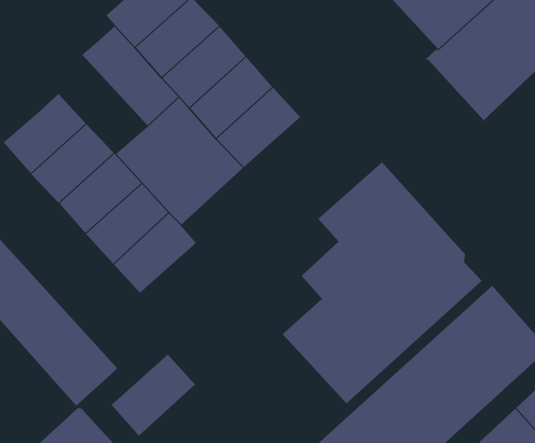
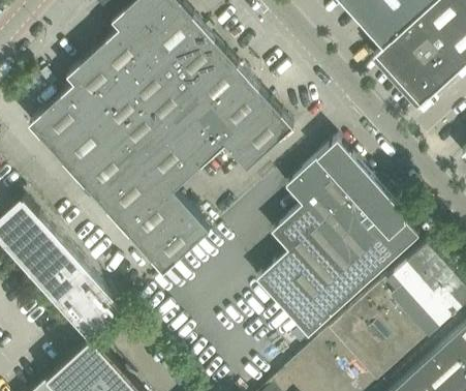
building: none -> [66,54,146,134]
building: none -> [224,104,292,171]
building: [111,354,196,436] -> [139,207,209,274]

